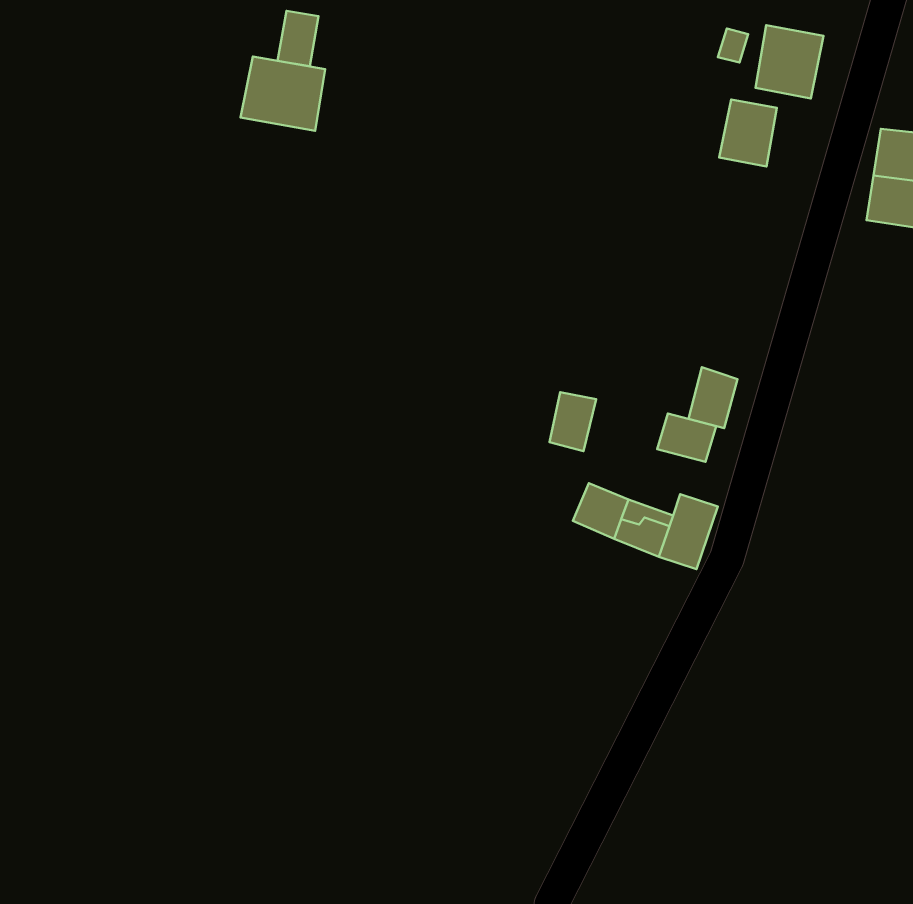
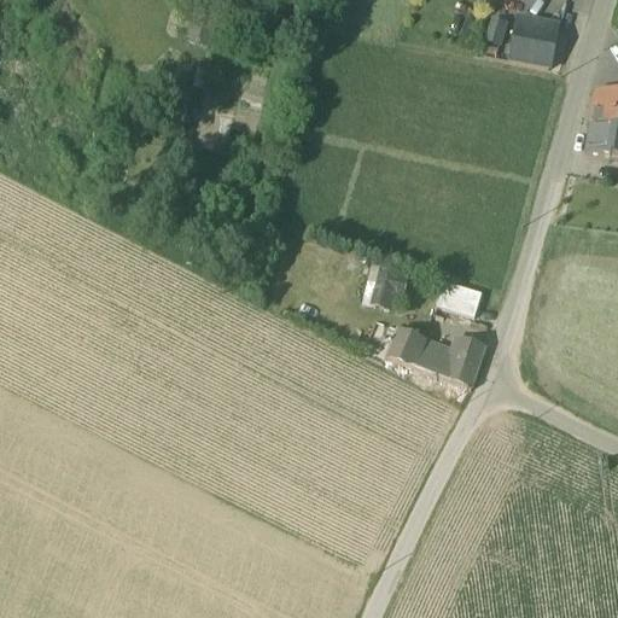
building: [241,57,325,131] -> none
building: [719,100,777,166] -> none
building: [689,367,738,428] -> none

